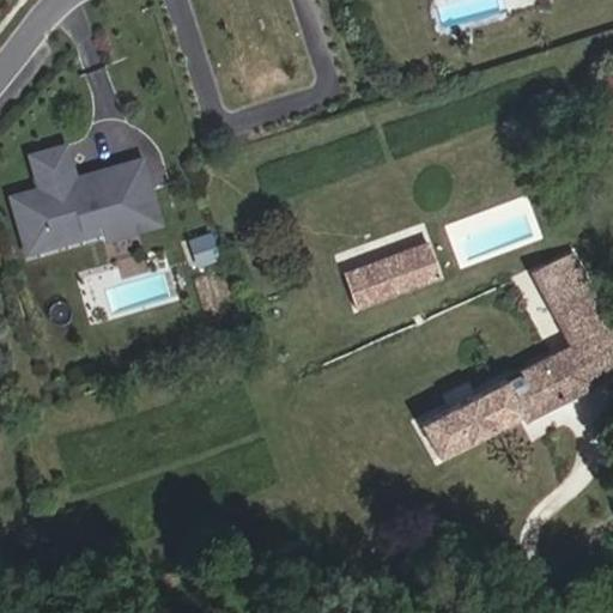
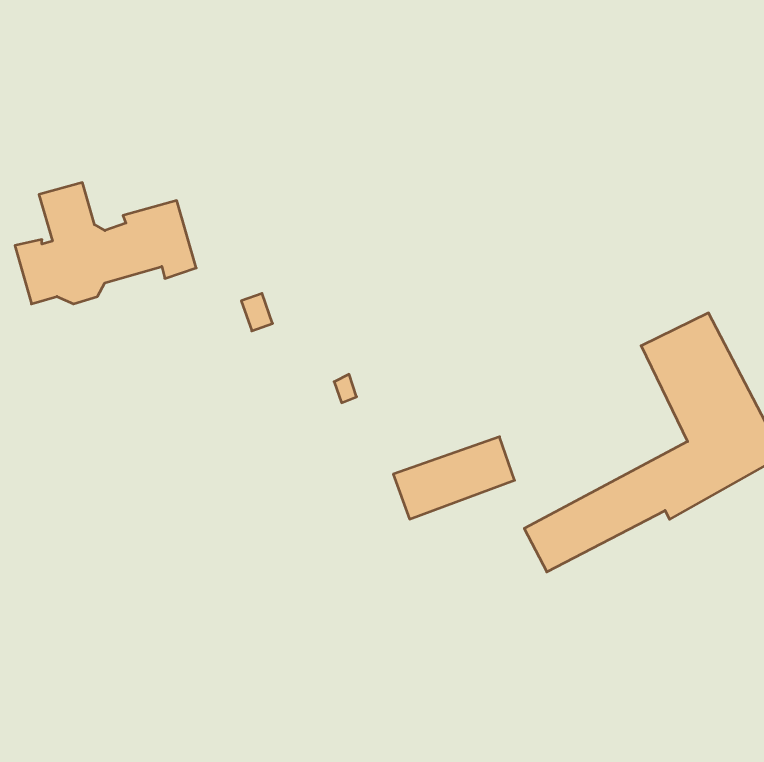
building: [345,242,442,308] -> [393,437,515,519]

